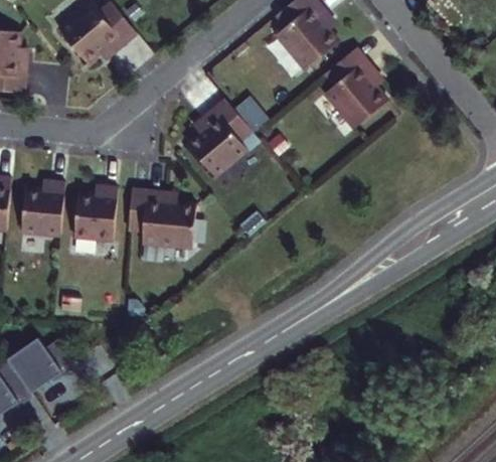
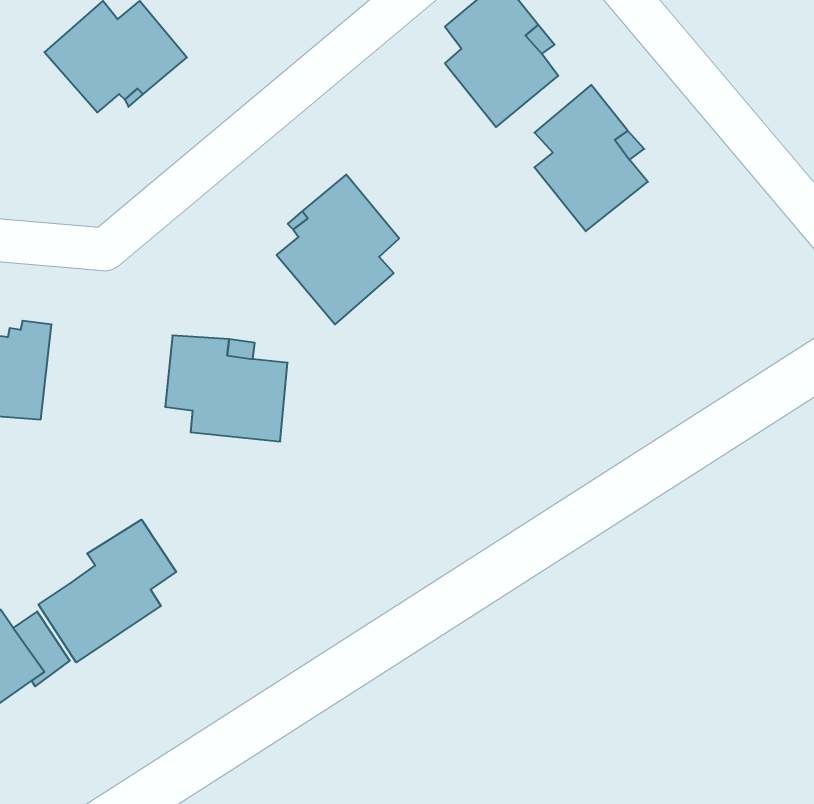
building: [71,184,116,239] -> none
building: none -> [39,520,176,662]

